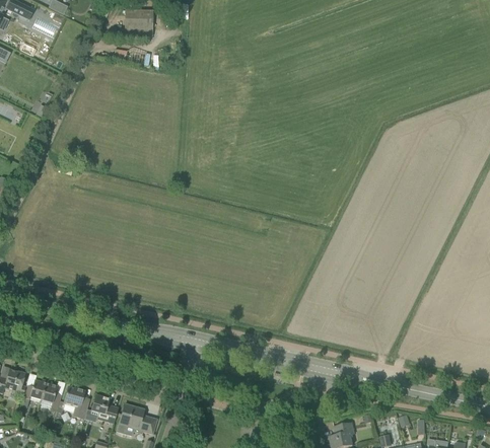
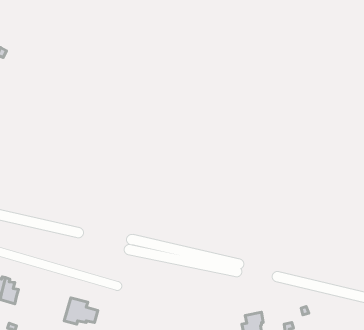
building: [62,386,89,419] -> none
building: [90,393,118,423] -> none

